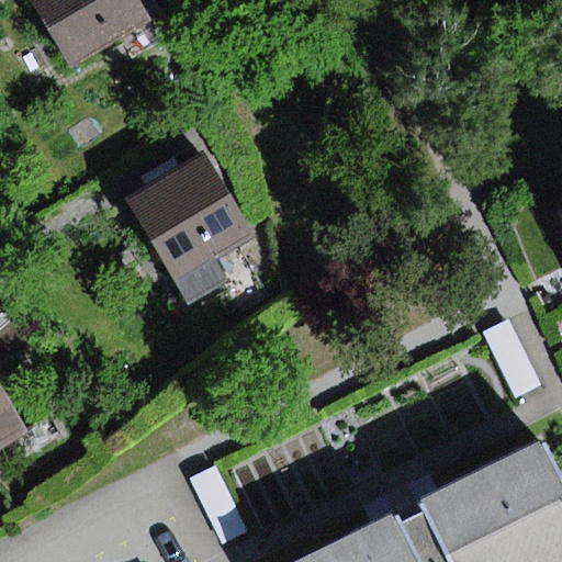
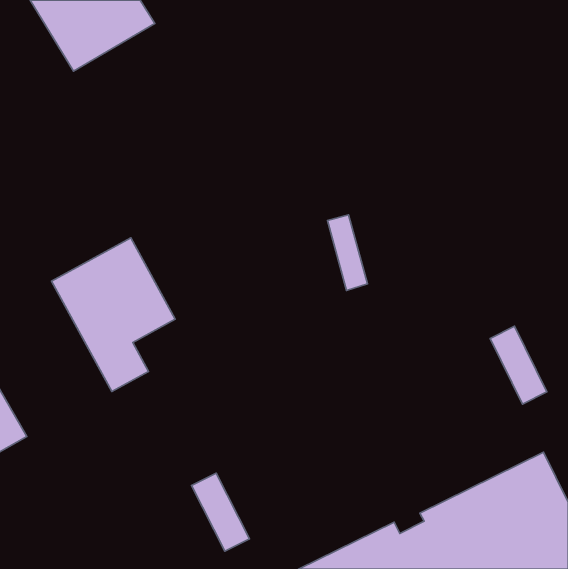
building: [133,156,255,307] -> [52,238,175,392]

